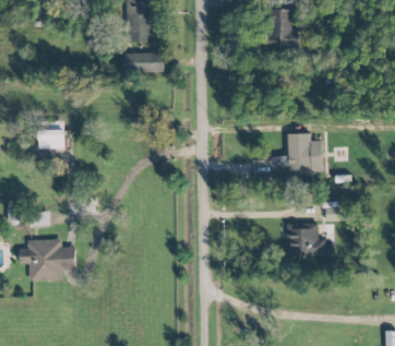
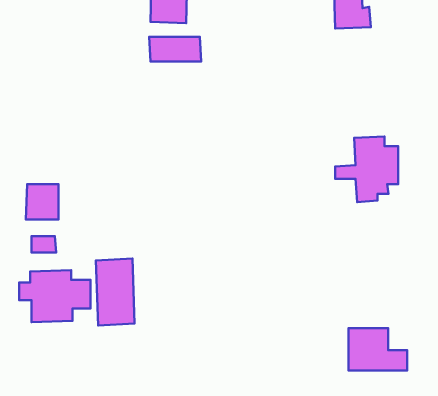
building: [38,121,64,150] -> [26,184,59,220]
building: [287,223,334,256] -> [348,328,407,371]
building: none -> [96,259,135,325]

